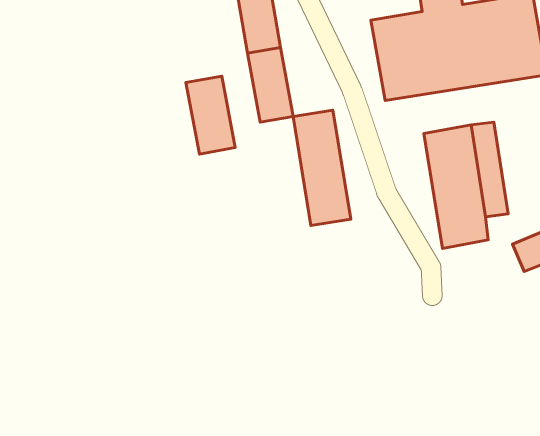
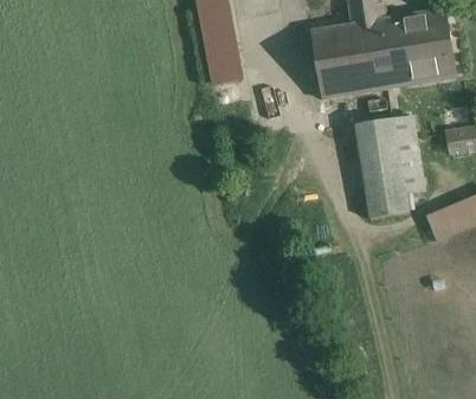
building: [186,76,235,154] -> none
building: [293,110,351,226] -> none

